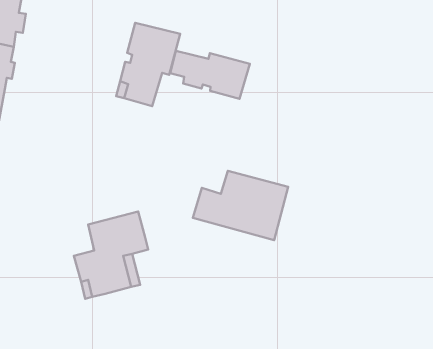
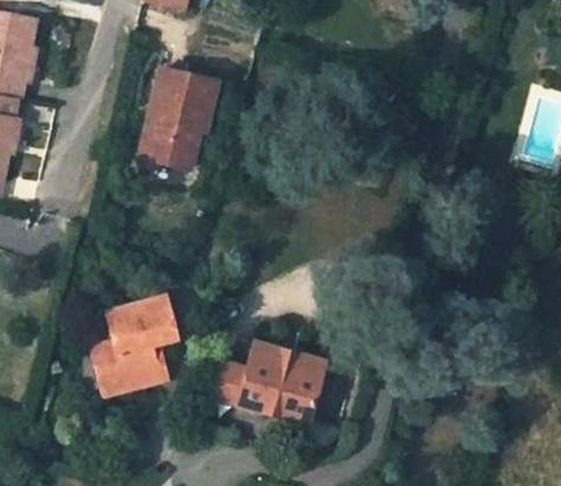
building: [170,51,250,99] -> none
building: [193,171,288,240] -> [215,342,328,424]

